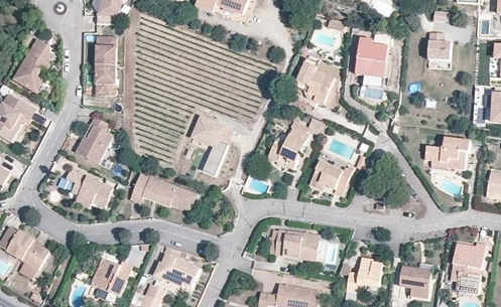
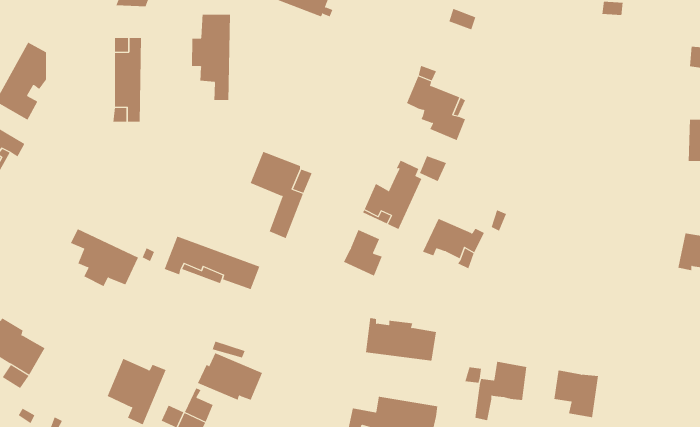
building: none -> [192,14,230,101]
building: [427,32,451,60] -> none
building: [355,38,391,88] -> none
building: [75,116,112,162] -> none
building: [424,138,470,169] -> none
building: none -> [343,229,383,277]
building: [450,243,485,293] -> none

